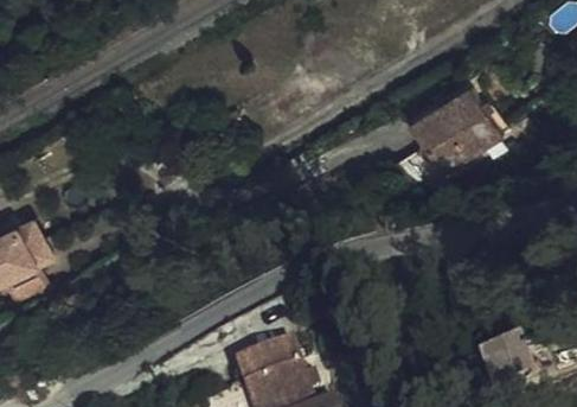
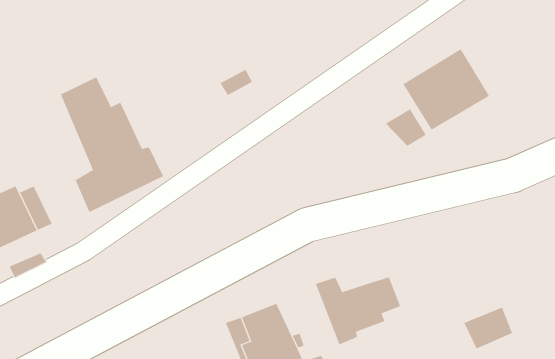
building: none -> [60,76,164,213]
building: none -> [315,277,401,345]

